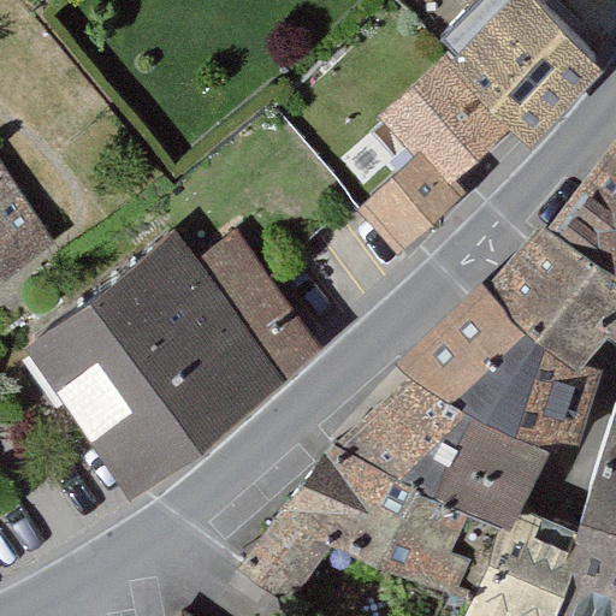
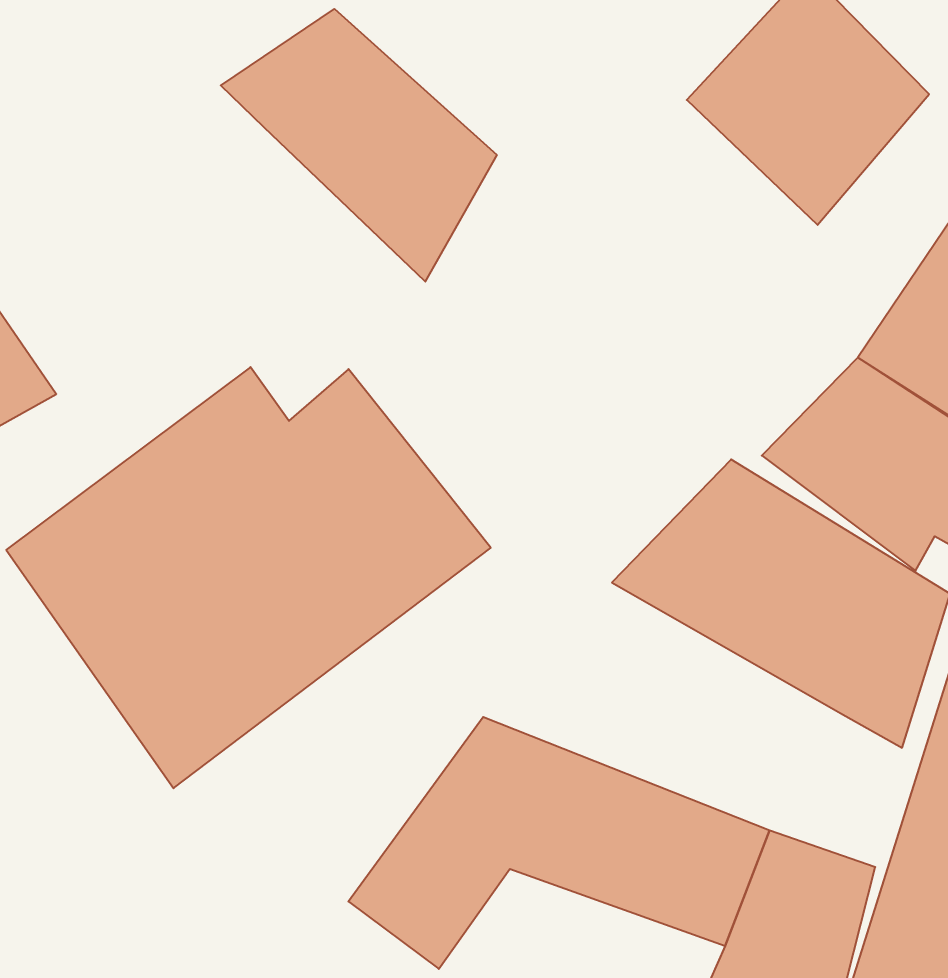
building: none -> [221,9,497,282]
building: [362,72,516,253] -> none
building: [321,381,545,522] -> none

